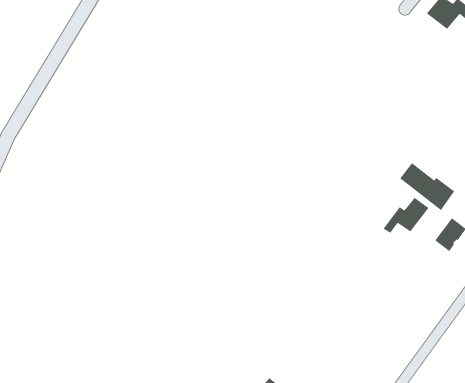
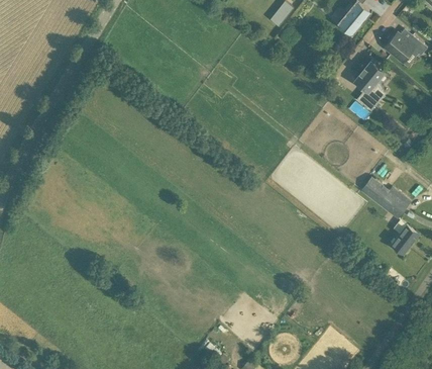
building: none -> [354,61,385,111]
building: [382,197,429,234] -> none

